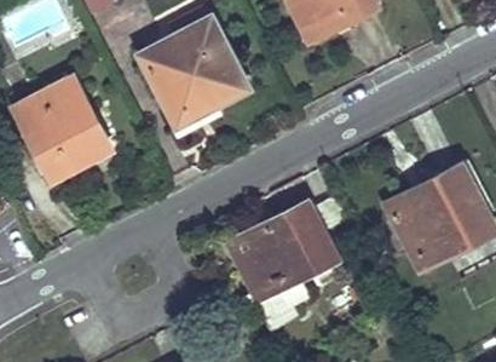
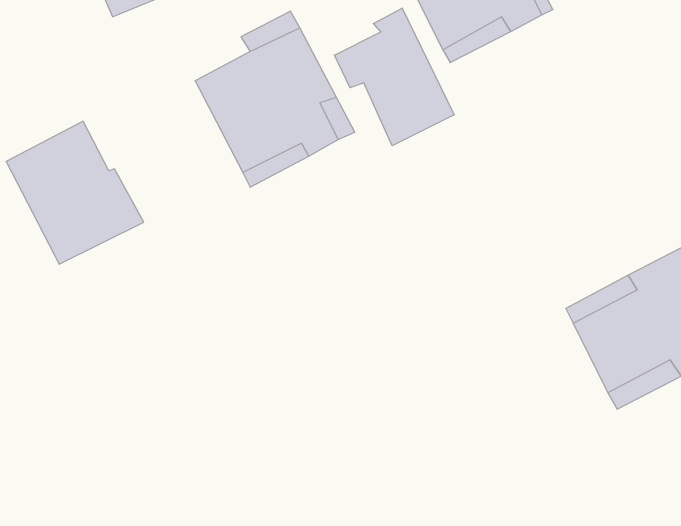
building: none -> [334,8,454,146]
building: [227,202,338,298] -> none

